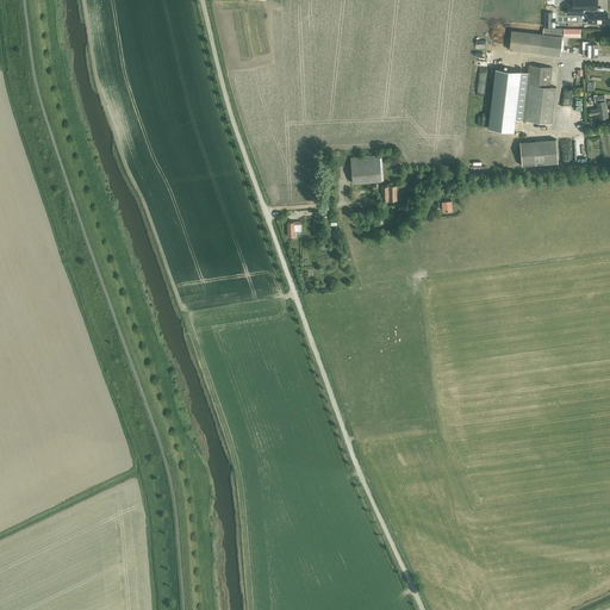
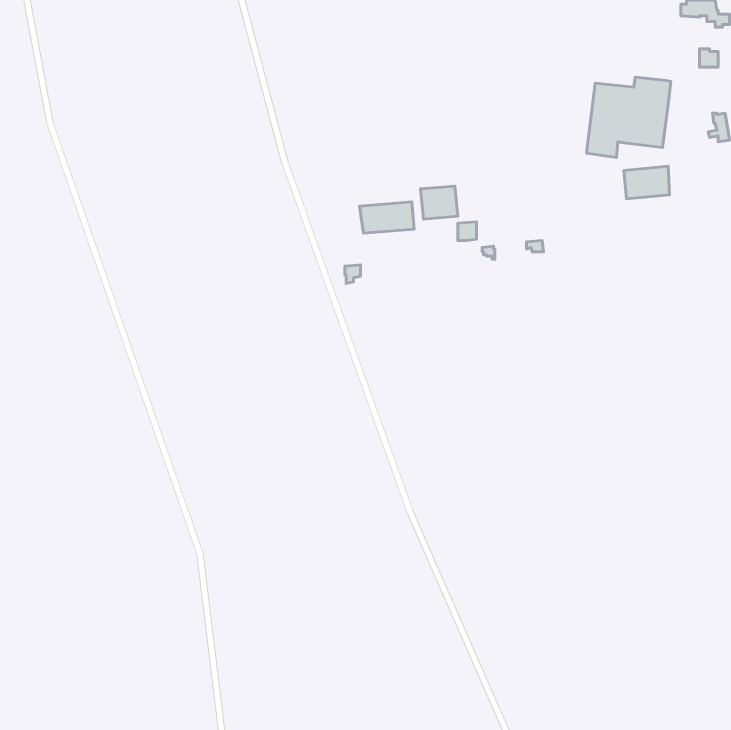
building: [509,29,580,56] -> none
building: none -> [360,202,414,233]

